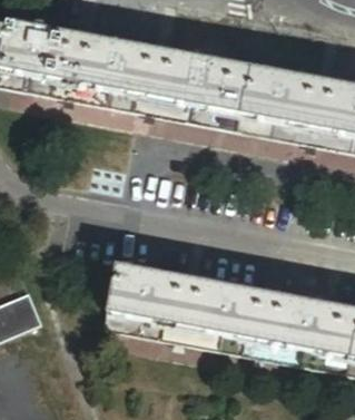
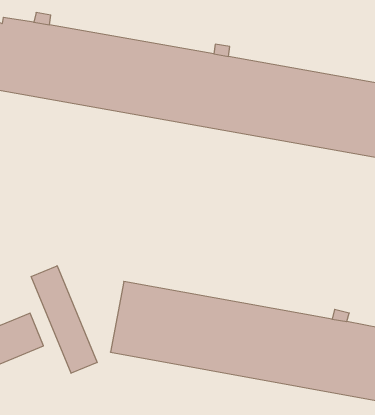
building: none -> [31,266,97,373]

